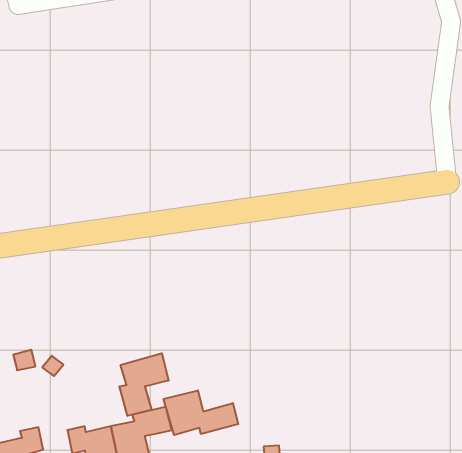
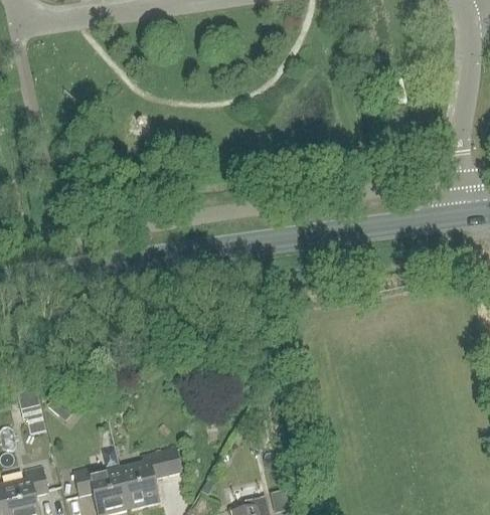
building: [119,353,169,416] -> none
building: [164,390,238,435] -> none

